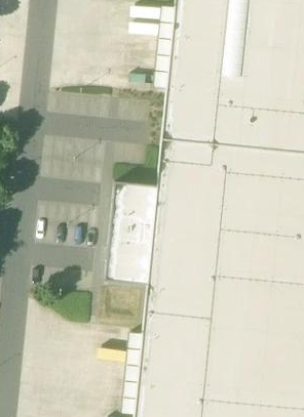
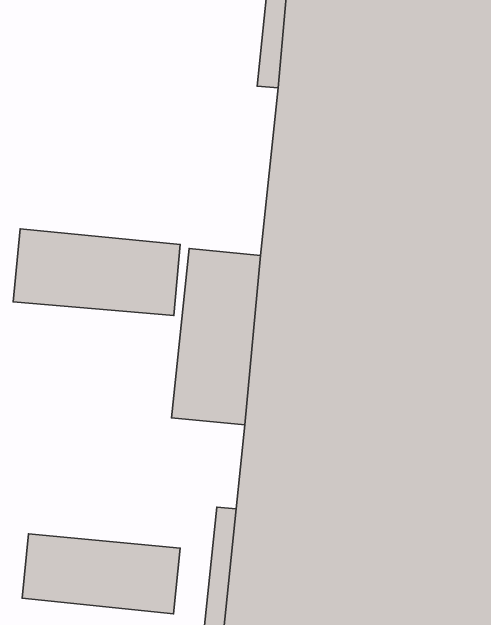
building: none -> [13,229,180,316]
building: none -> [22,534,180,614]

